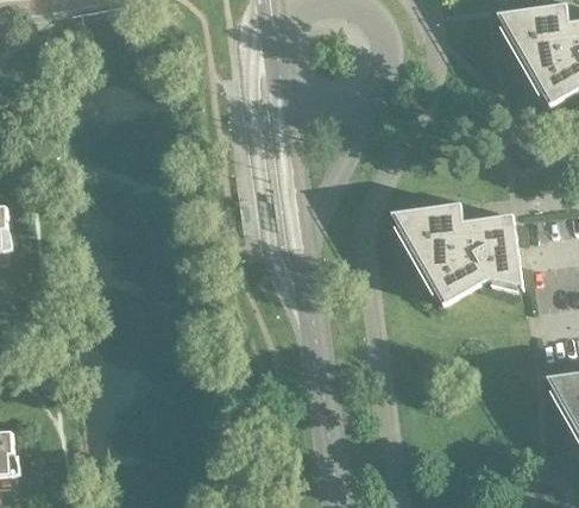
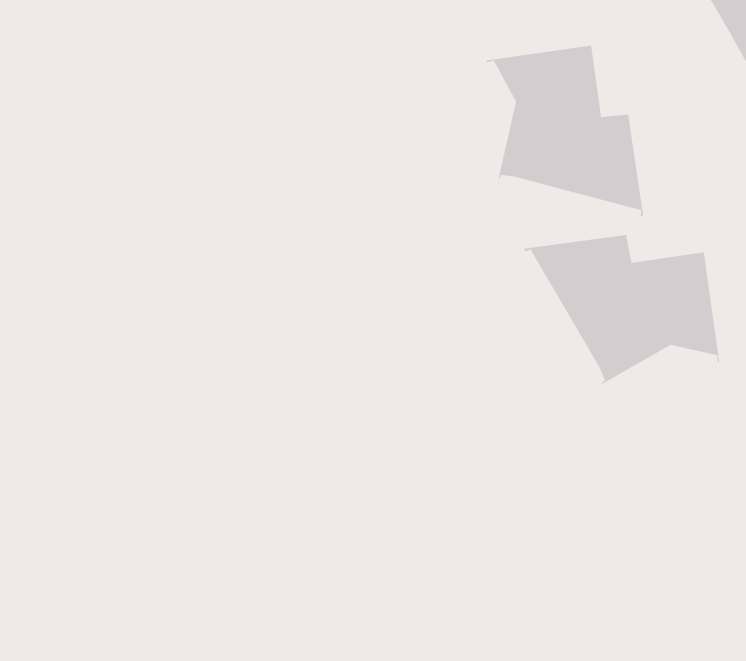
building: none -> [486,45,644,217]

